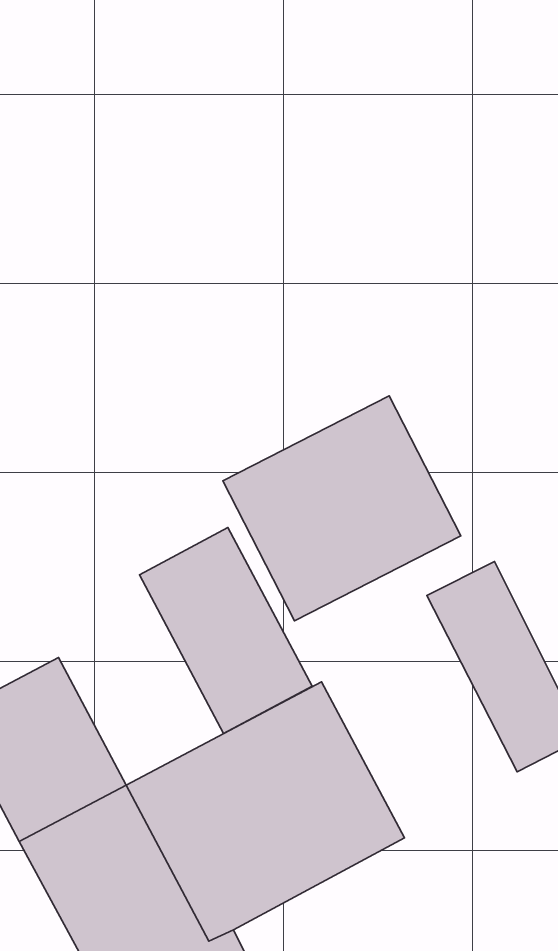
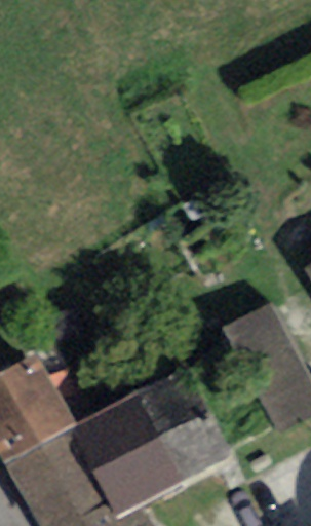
building: [223,396,461,621] -> none
building: [139,528,312,734] -> none

